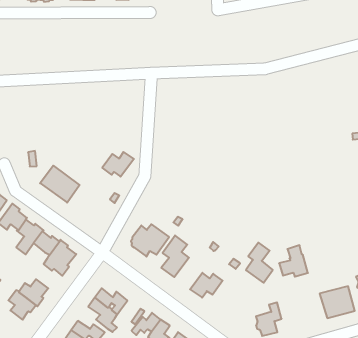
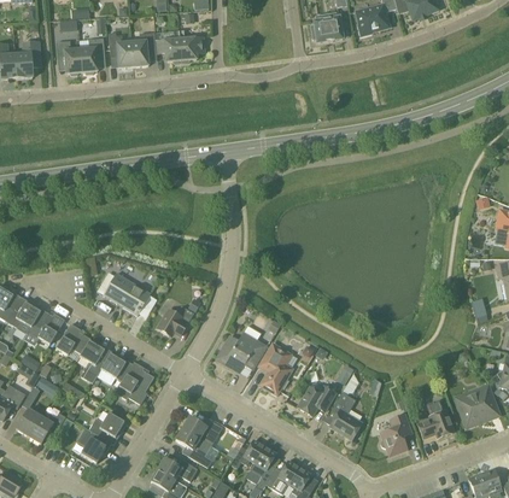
building: [102,152,134,177] -> [157,305,194,335]
building: [246,243,273,283] -> [329,391,362,439]
building: [279,245,308,277] -> [417,398,454,437]

